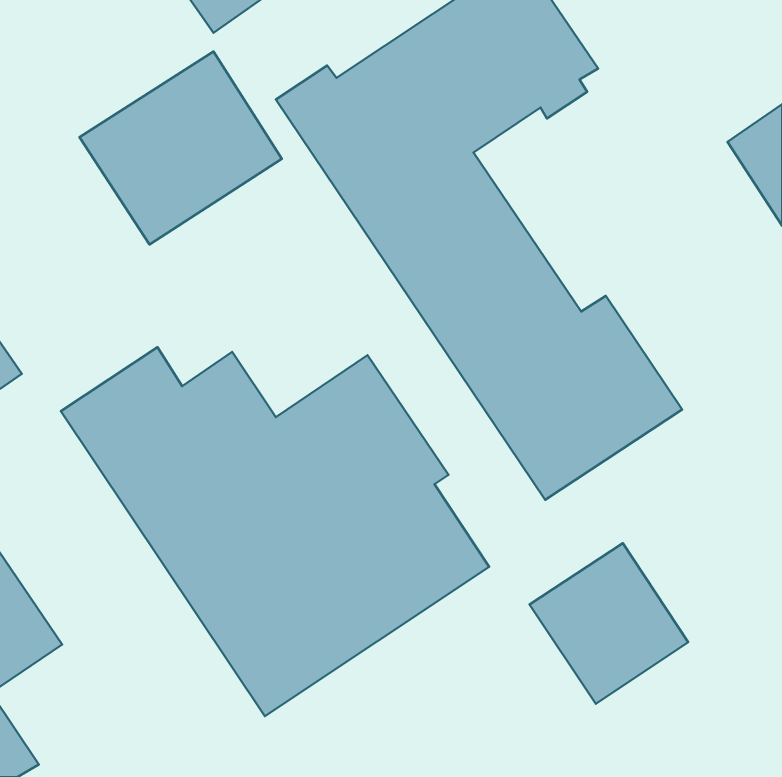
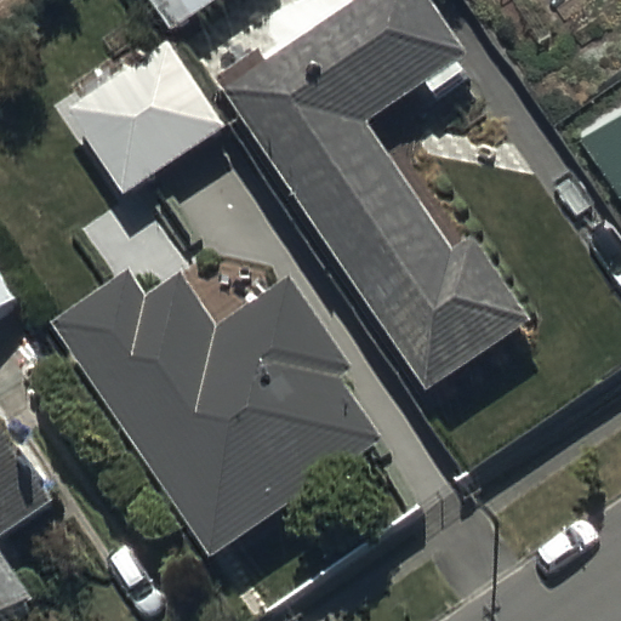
building: [530,543,688,704] -> none

